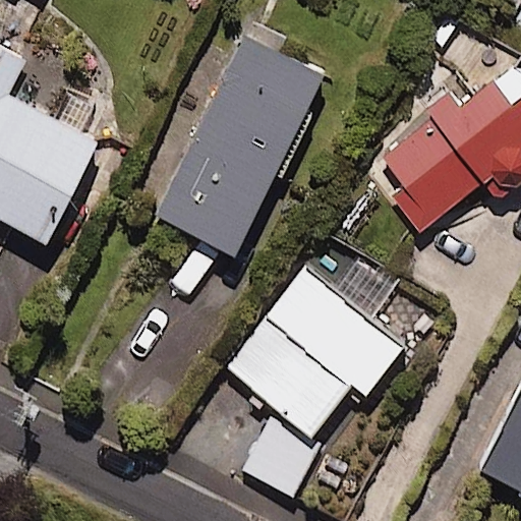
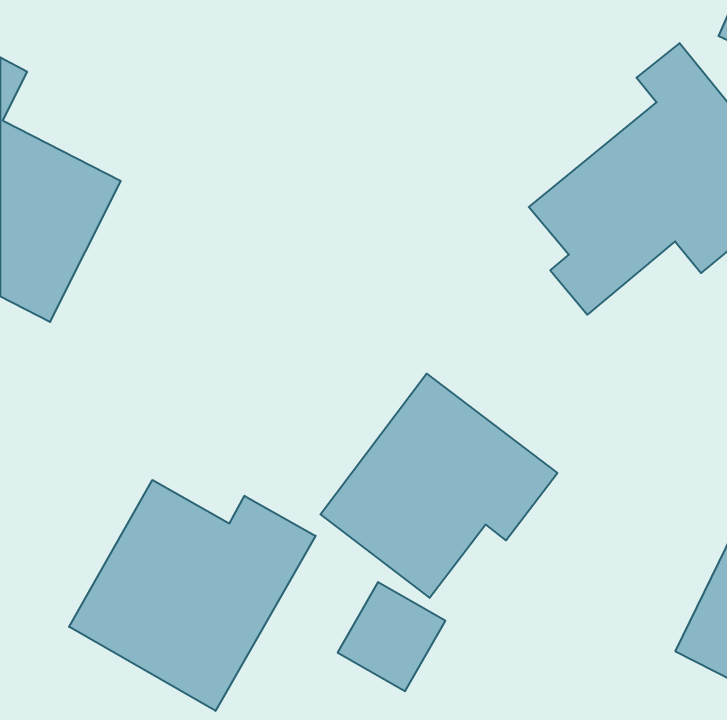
building: [155,37,321,252] -> none
building: none -> [69,480,316,711]

